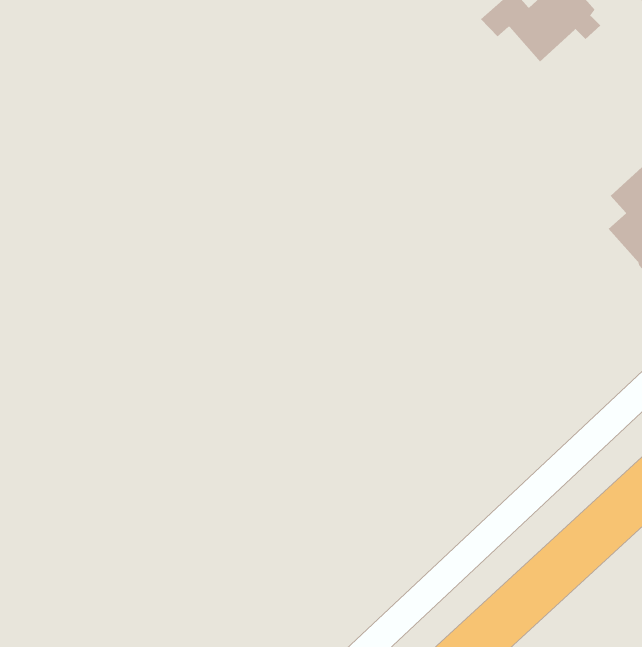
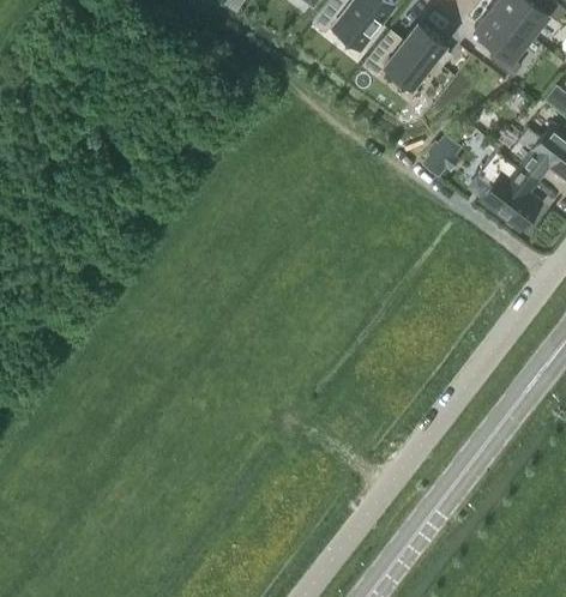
building: none -> [423,134,463,176]

